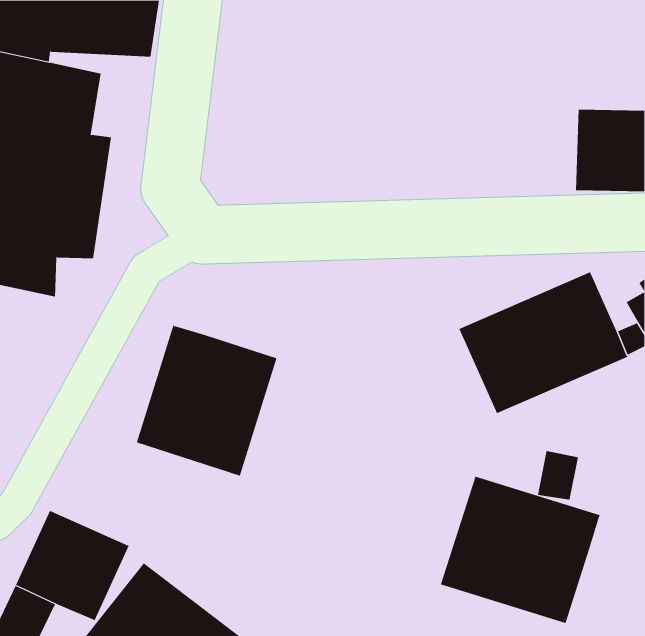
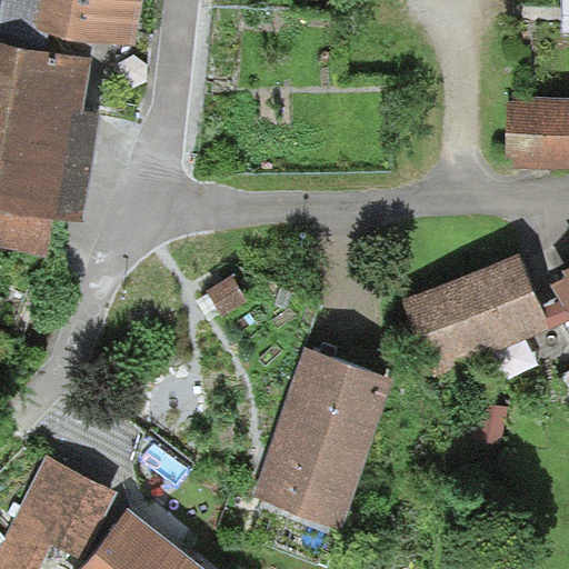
building: [136,324,277,476] -> none
building: none -> [254,341,389,521]
building: [440,476,601,624] -> none

